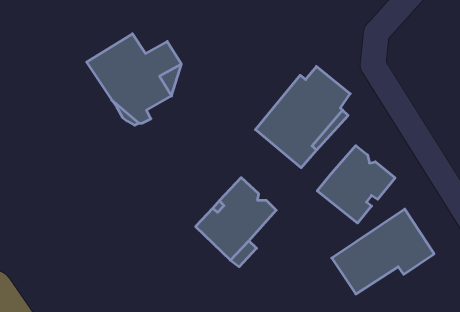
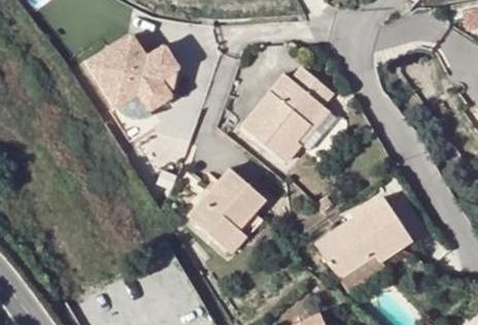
building: [317,146,395,223] -> none

